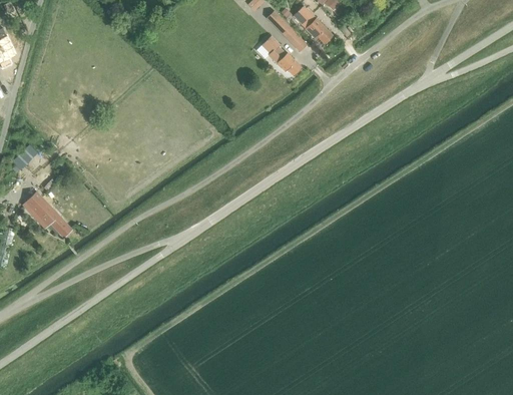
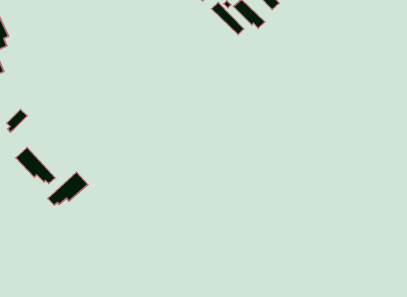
building: [262,35,302,75] -> none
building: none -> [48,172,88,205]

